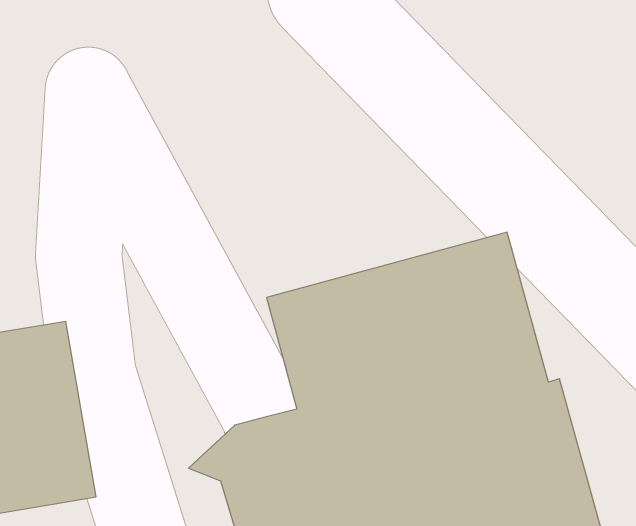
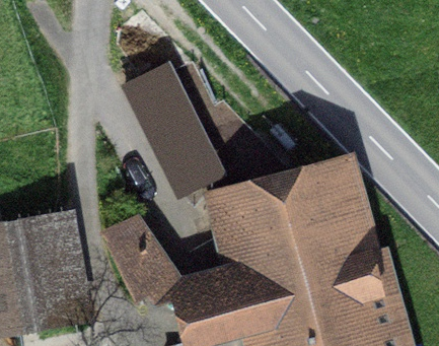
building: none -> [120,61,227,199]
building: none -> [100,213,181,310]

